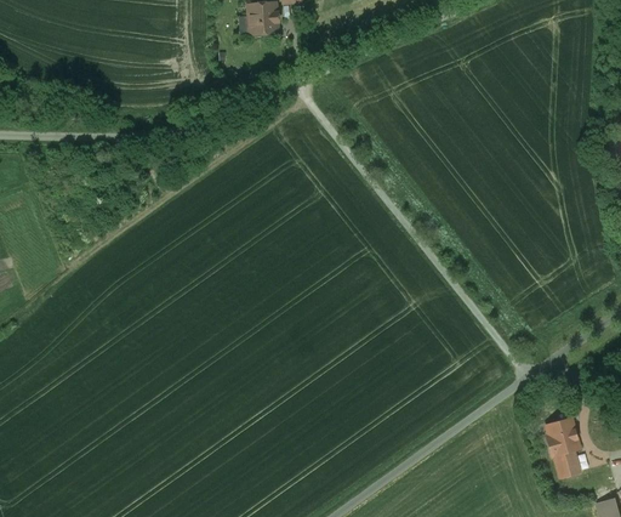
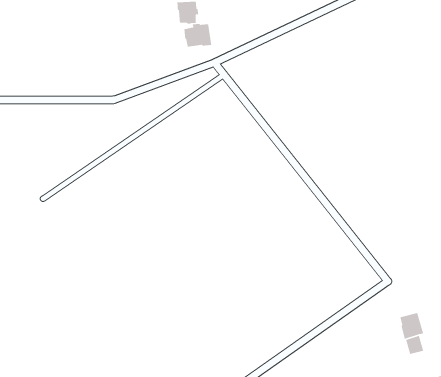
building: none -> [183,23,212,47]

